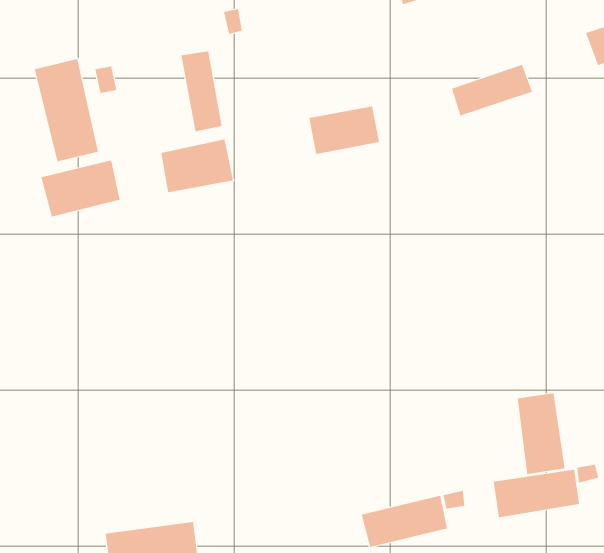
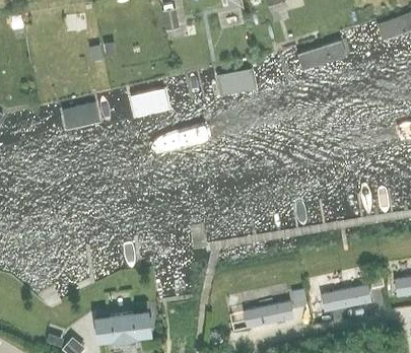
building: [181,51,222,132] -> none
building: [34,58,98,162] -> none
building: [517,392,565,475] -> none

